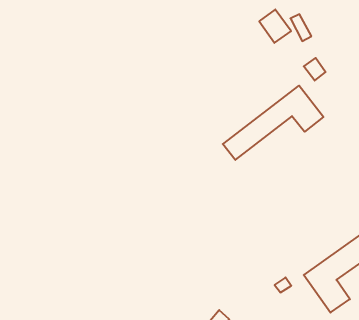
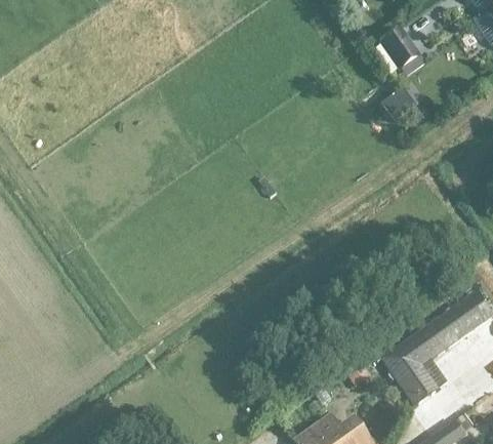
building: [259,9,291,43] -> [382,28,421,69]
building: [223,86,323,160] -> none

